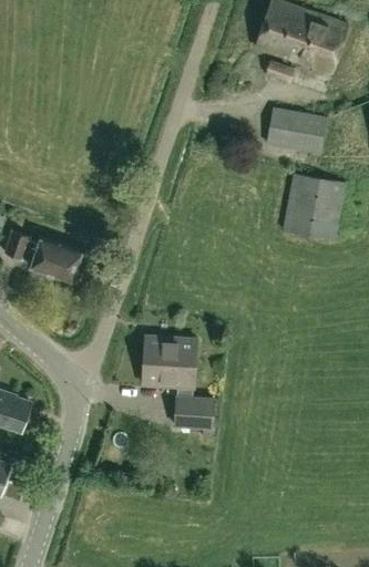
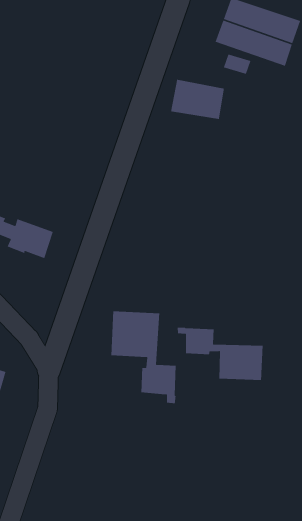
building: [267,110,326,154] -> [170,79,225,120]
building: [284,174,344,240] -> none
building: none -> [177,327,263,381]

